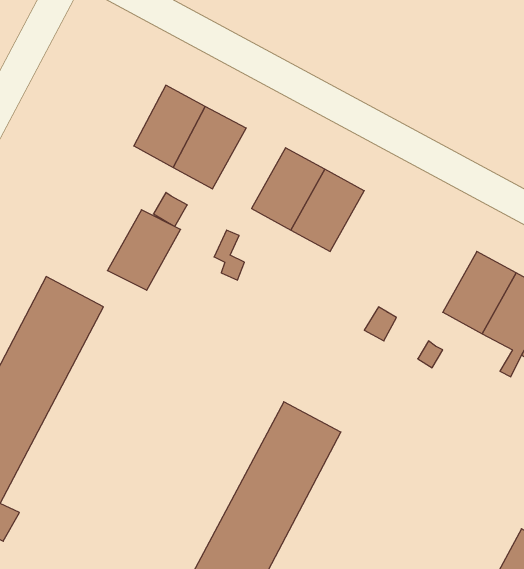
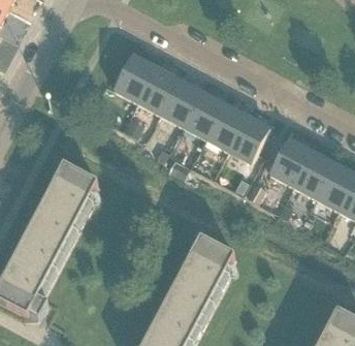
building: none -> [226,114,268,181]
building: [107,210,181,290] -> [158,77,200,124]
building: none -> [268,136,311,184]

